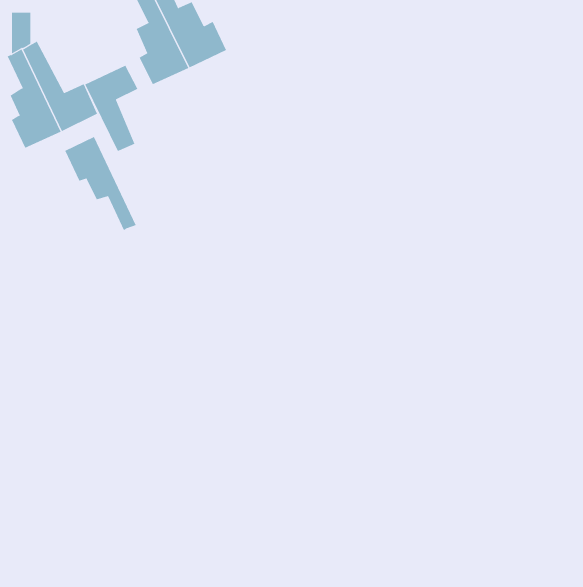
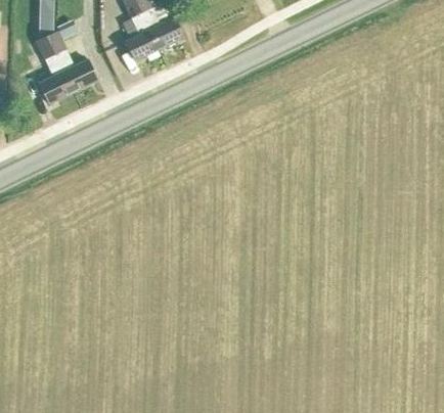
building: [85,65,138,152] -> none
building: [65,136,137,231] -> none

